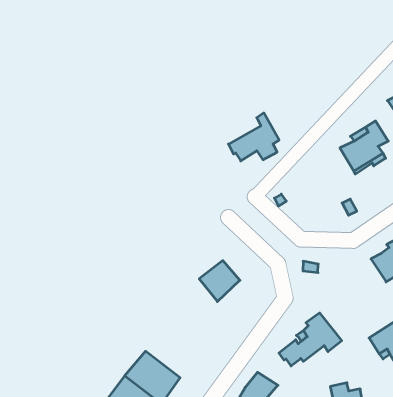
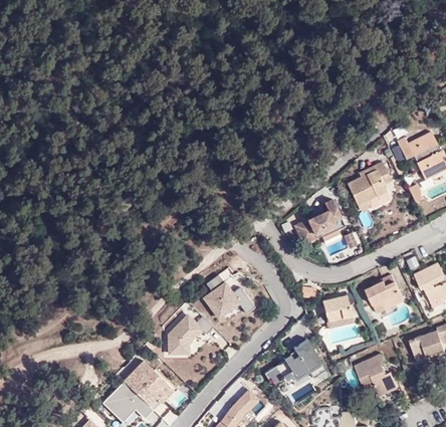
building: [228,113,279,161] -> [294,200,343,244]
building: none -> [322,297,351,329]
building: none -> [165,311,205,354]

